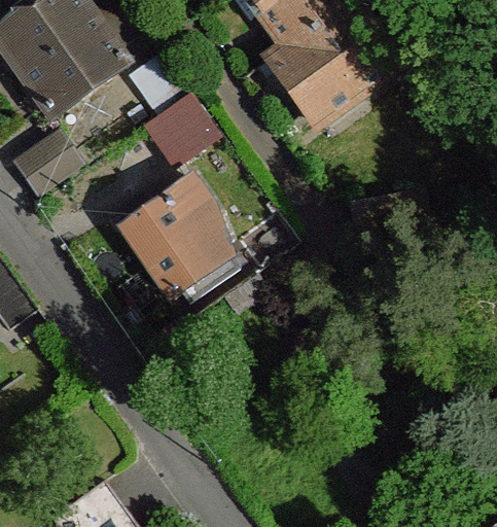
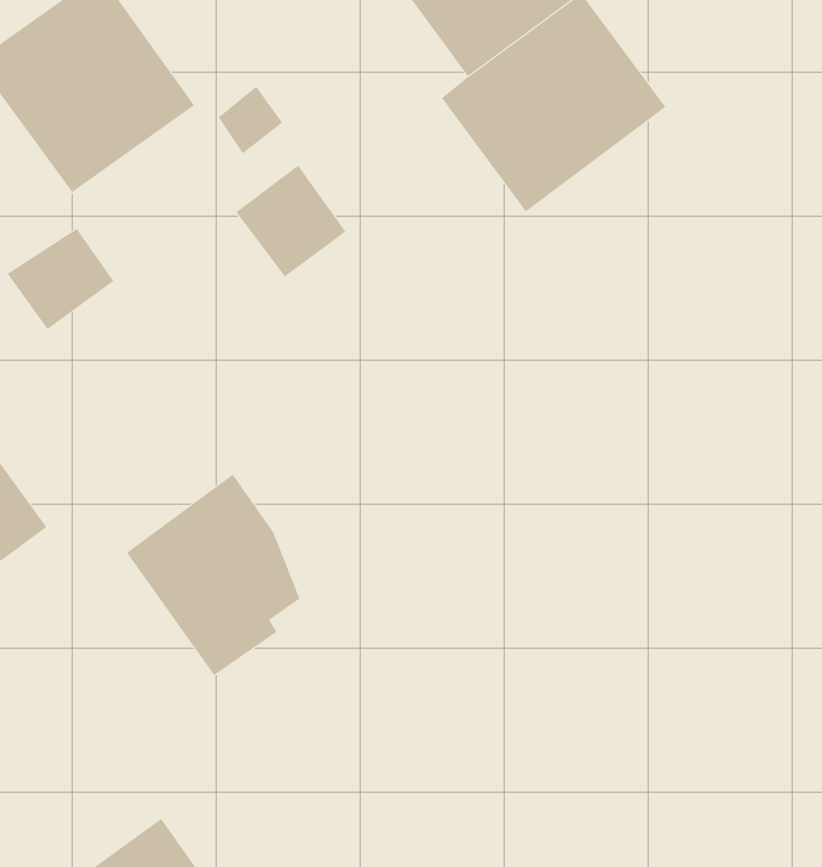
building: [120,179,222,297] -> [126,474,300,676]

